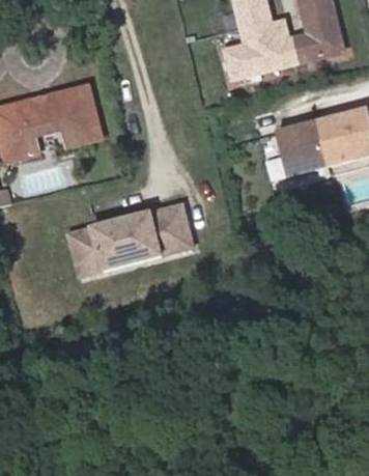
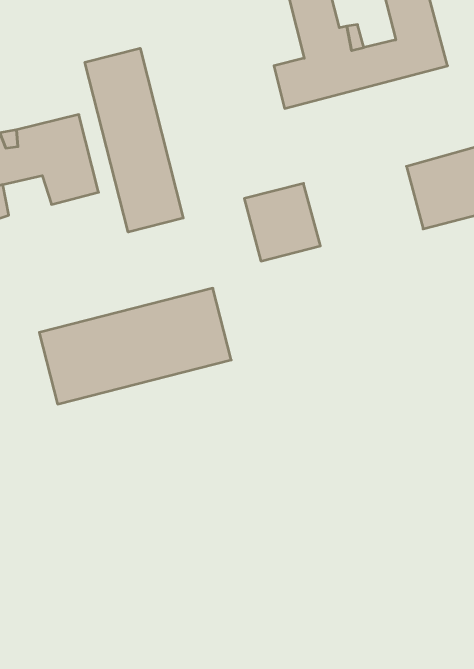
building: none -> [85,48,183,232]
building: [273,119,324,172] -> [244,183,320,261]

